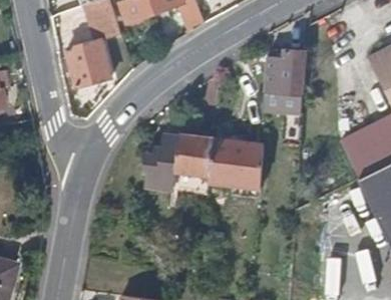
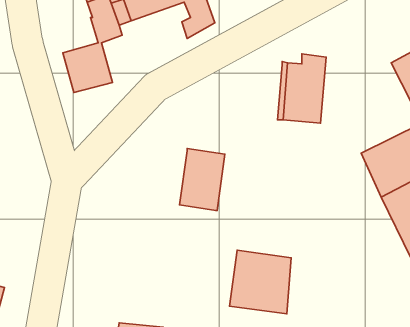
building: [144,136,180,188] -> none
building: [208,141,264,200] -> [230,250,291,314]

